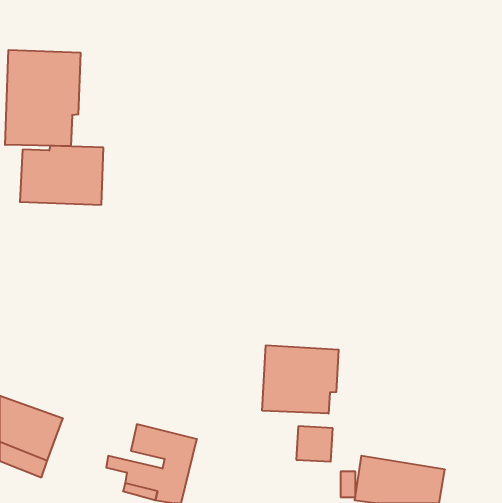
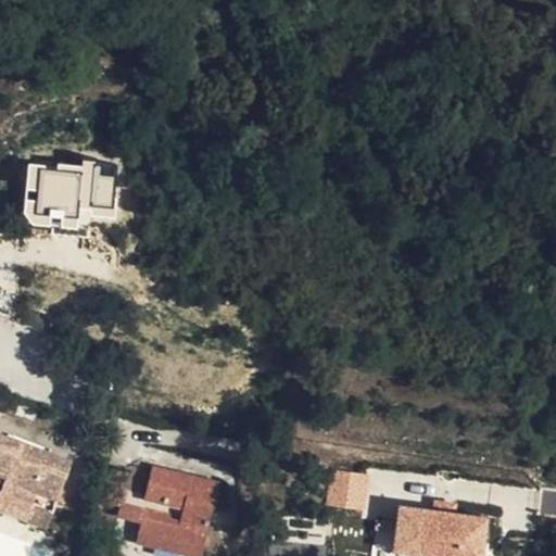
building: [5,50,80,146] -> none
building: [262,345,339,414] -> none

